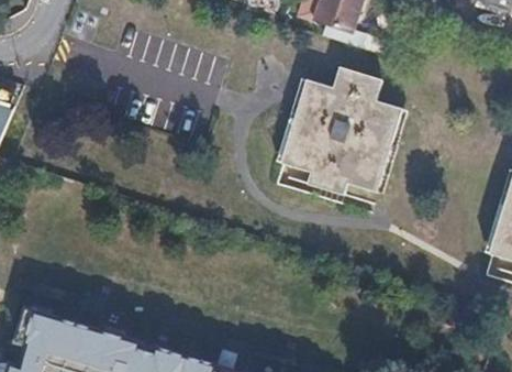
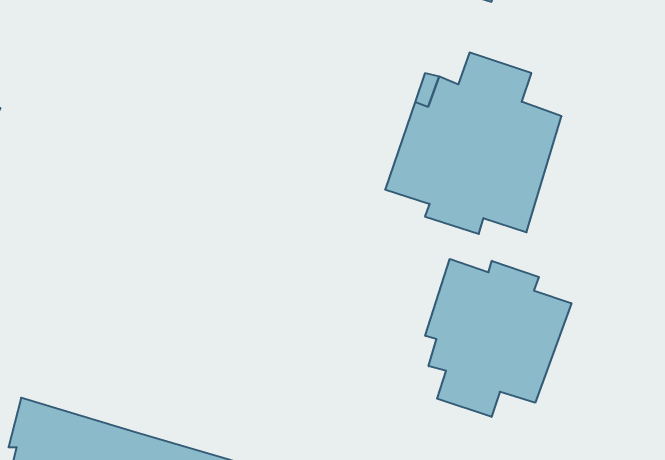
building: none -> [425,259,571,417]

